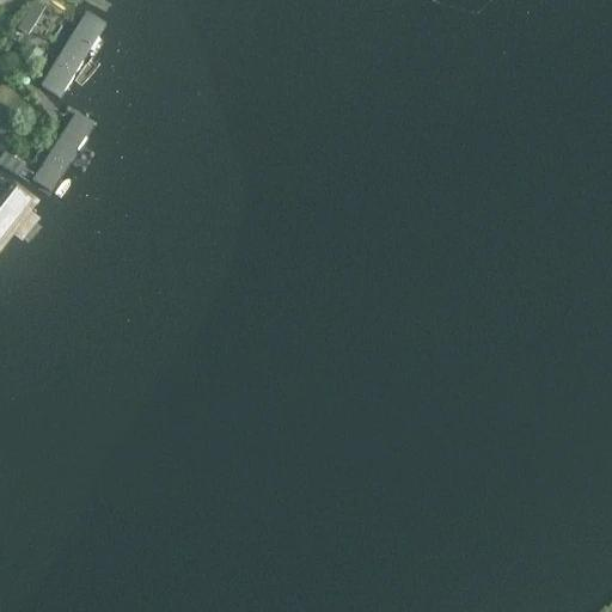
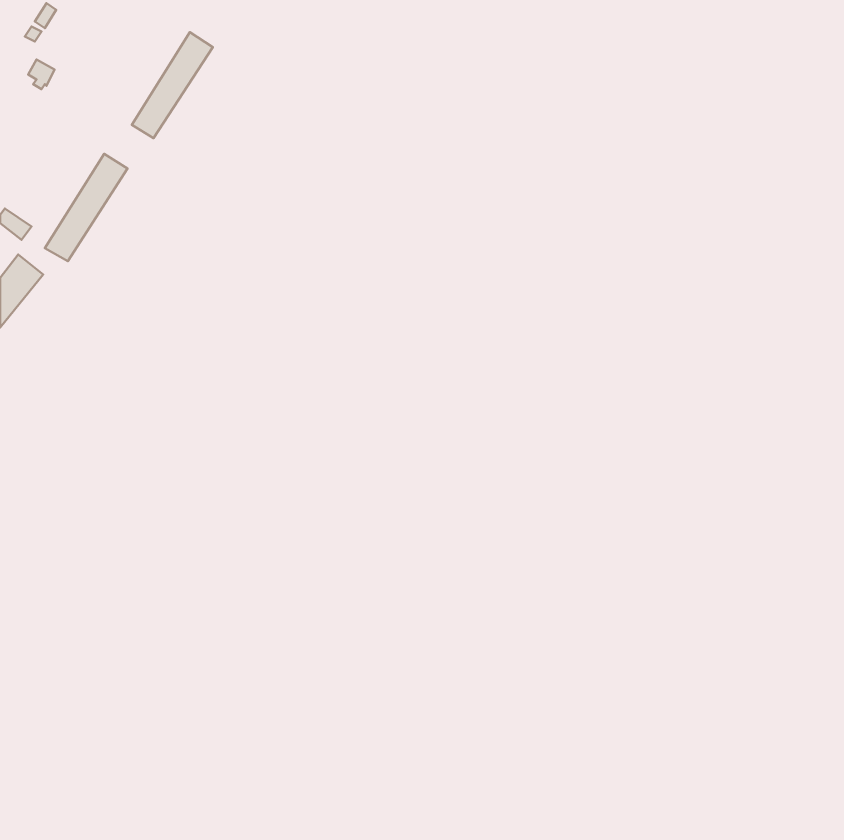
building: [42,18,100,94] -> [132,32,213,138]

